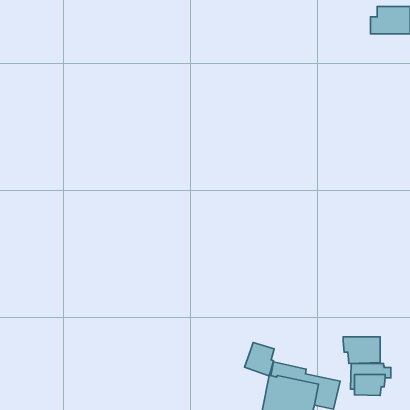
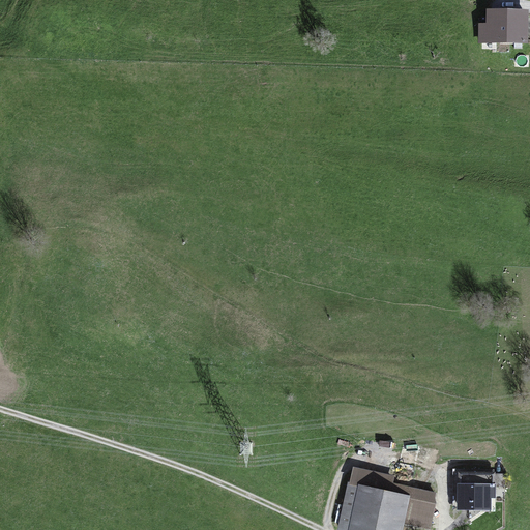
building: [343,337,380,363] -> none
building: [244,343,274,376] -> none

